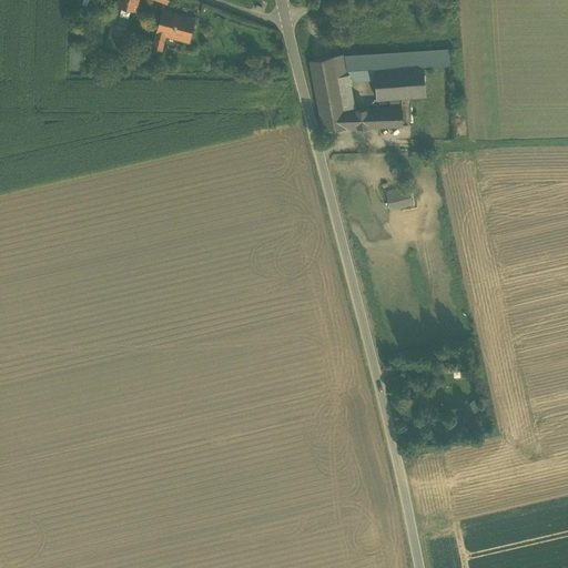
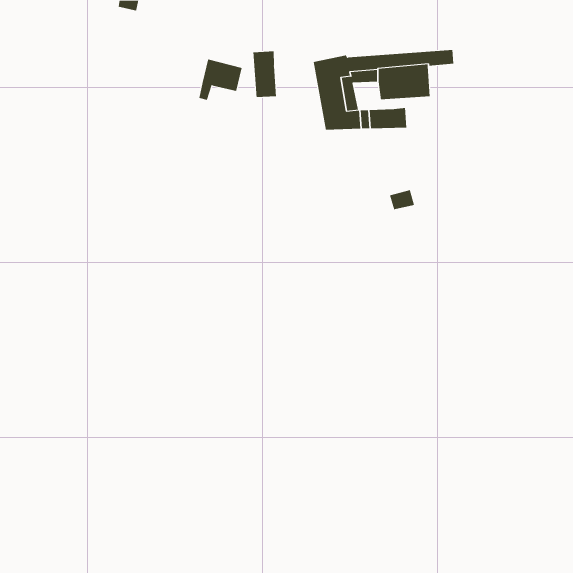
building: [152,10,195,51] -> [199,59,242,100]
building: none -> [253,51,276,98]

